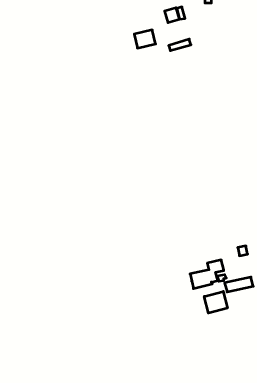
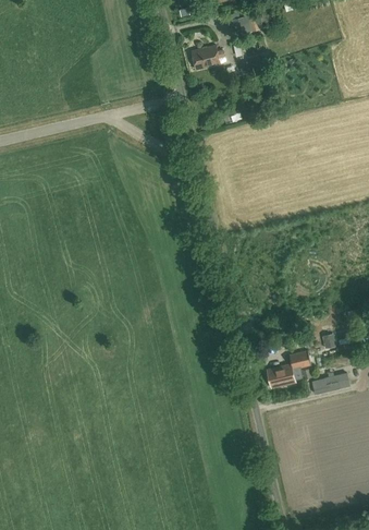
building: [204,291,227,313] -> none

